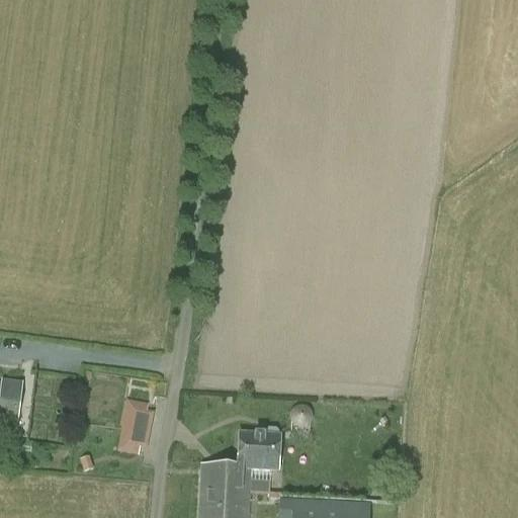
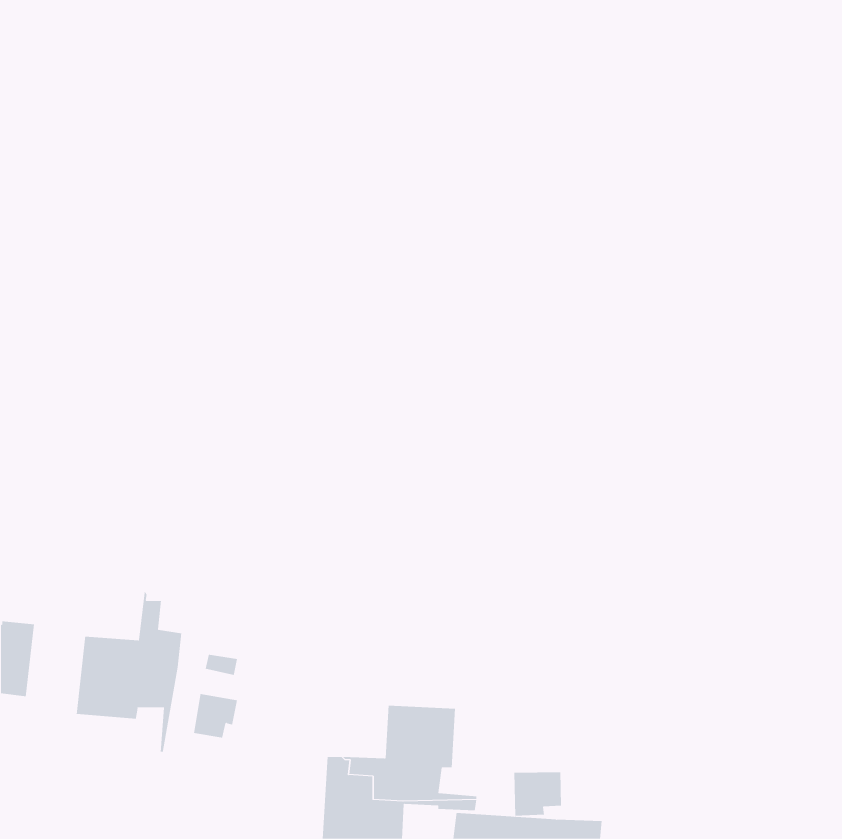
building: none -> [76,590,182,753]
building: none -> [514,771,561,816]

